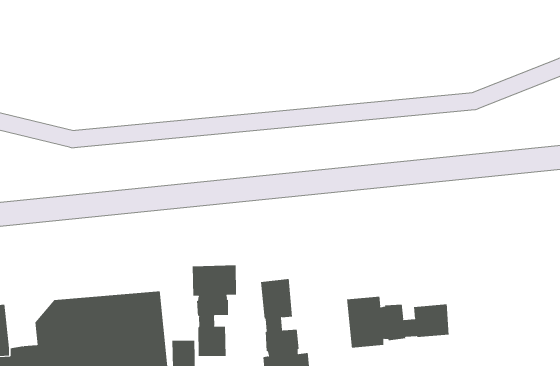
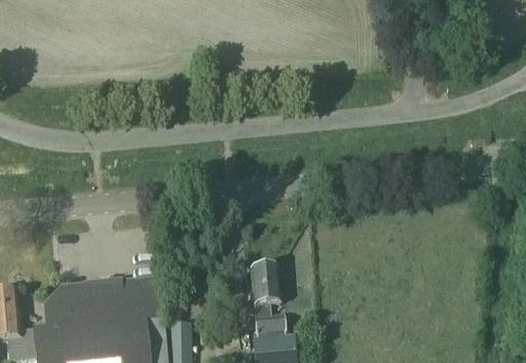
building: [192,265,237,357] -> none
building: [346,296,449,348] -> none

